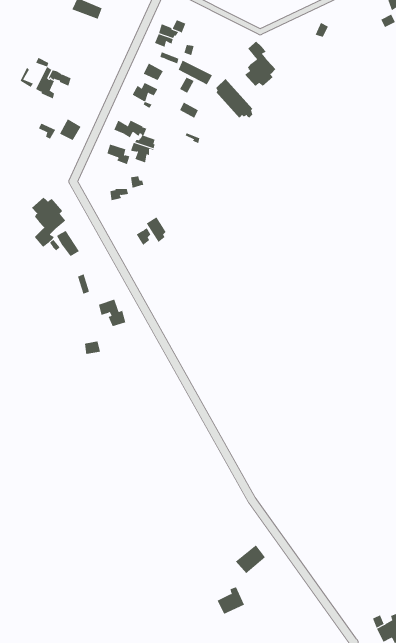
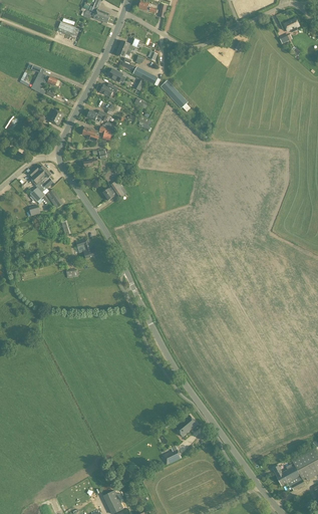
building: [244,40,276,87] -> none

